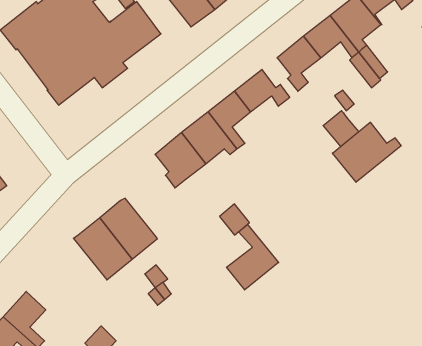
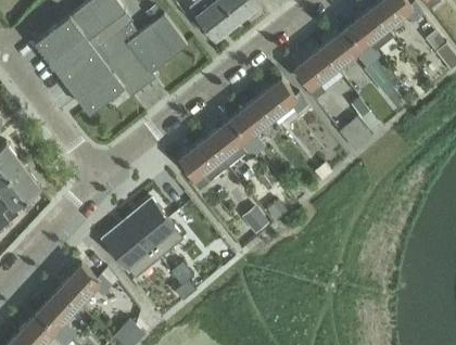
building: [332,122,401,182] -> none
building: [227,225,279,290] -> none
building: none -> [59,265,112,306]

